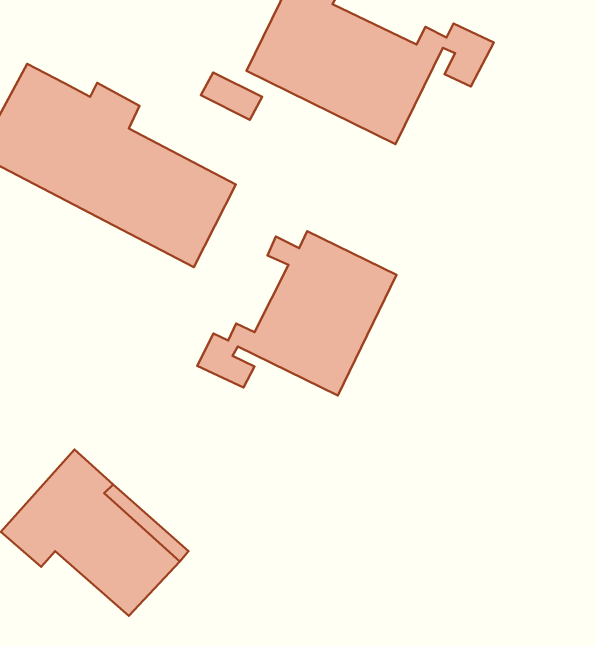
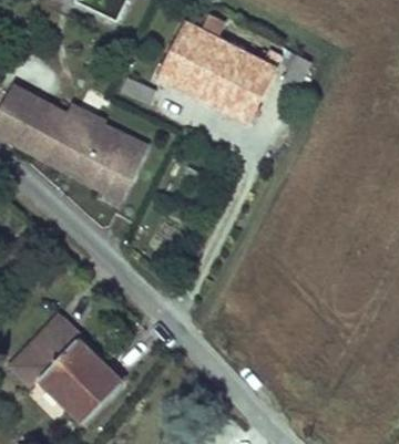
building: [197,231,396,396] -> none

